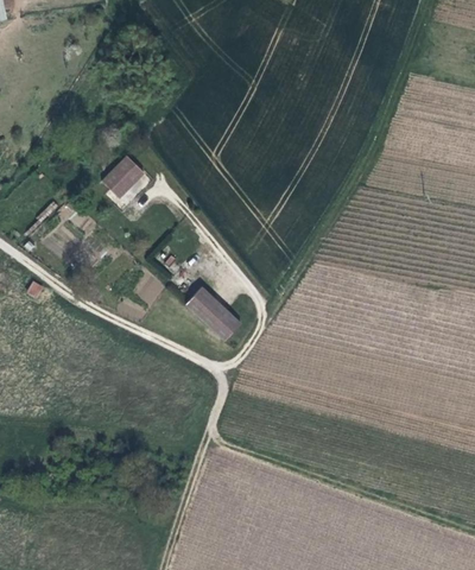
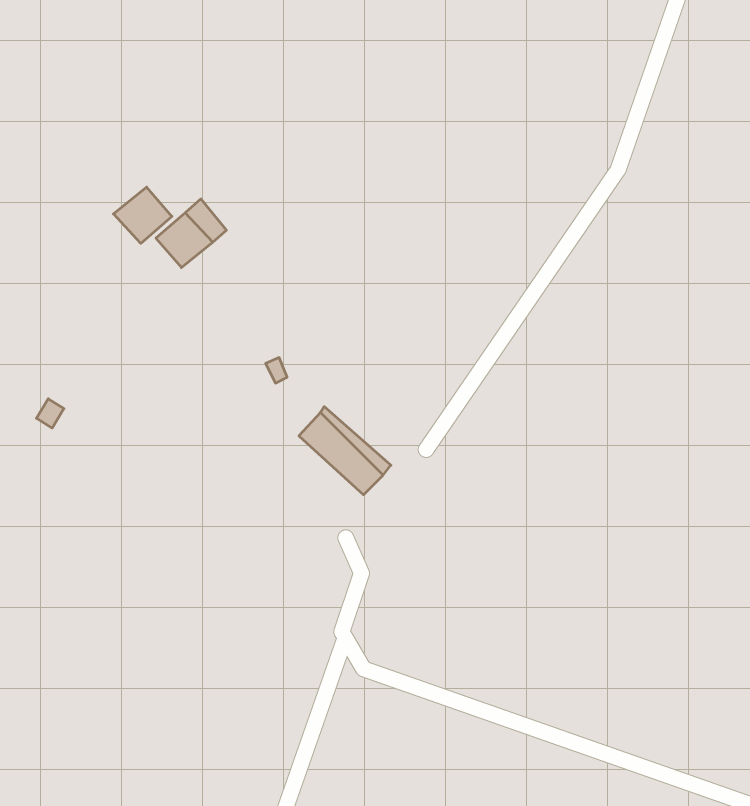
building: none -> [113,187,172,243]

